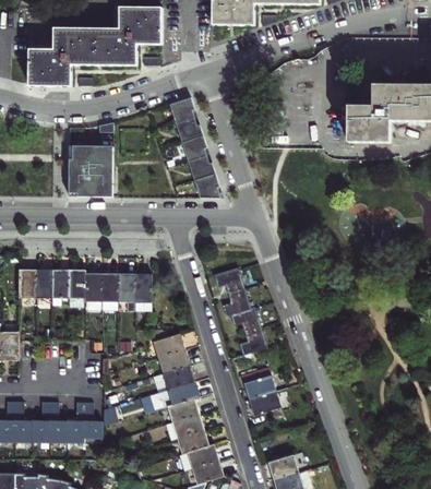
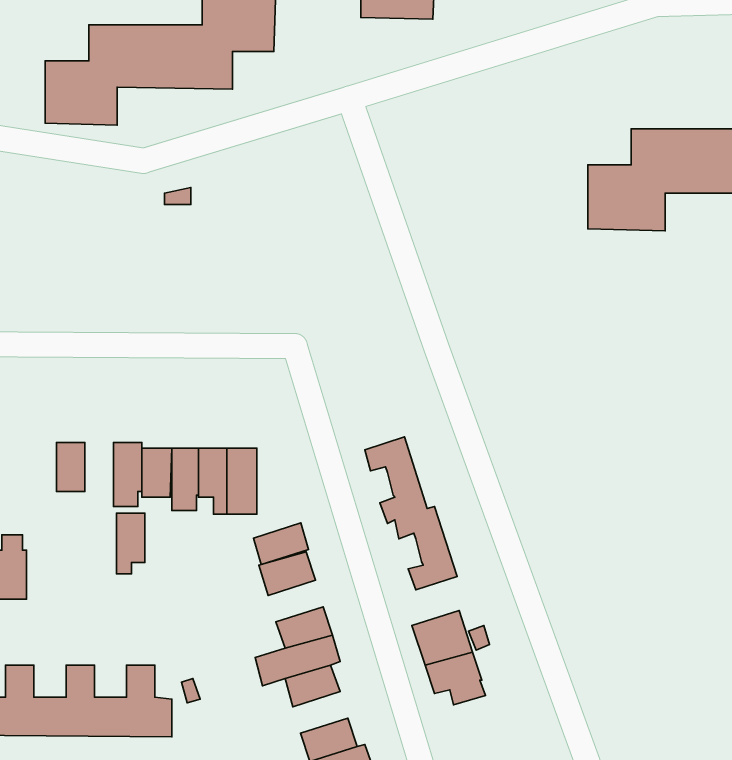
building: [169,97,220,198] -> none
building: [69,146,112,196] -> none
building: [19,269,36,298] -> none
building: [52,270,69,305] -> [116,513,145,574]
building: [158,349,190,373] -> [254,523,308,564]
building: [166,414,204,440] -> none

